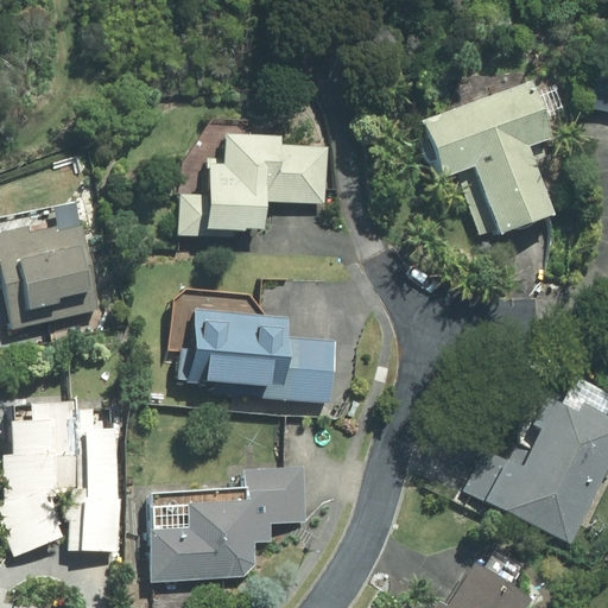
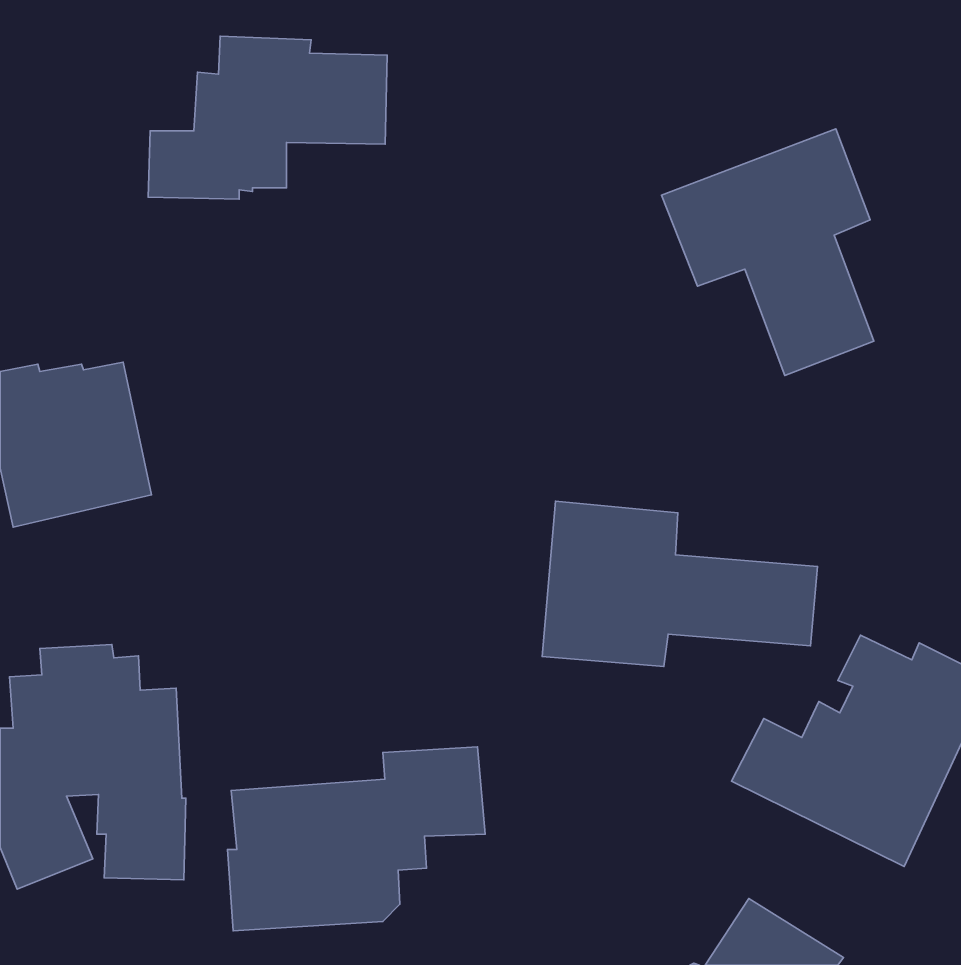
building: [179,135,329,238] -> [148,36,387,199]
building: [178,311,337,403] -> none
building: none -> [542,501,817,667]

